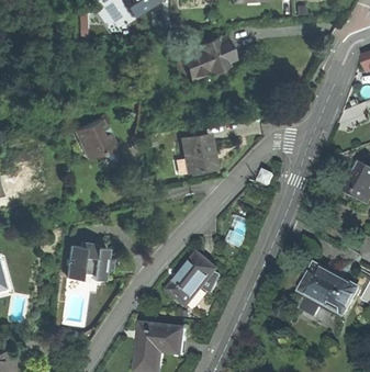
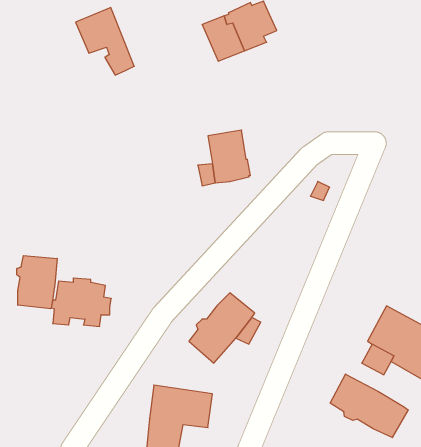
building: [74,116,117,167] -> [76,8,134,75]
building: none -> [17,256,57,309]
building: none -> [330,374,408,438]

